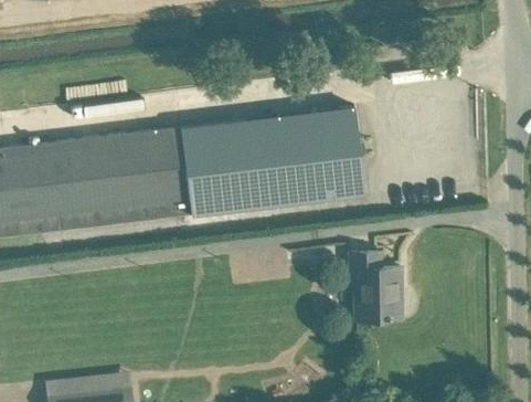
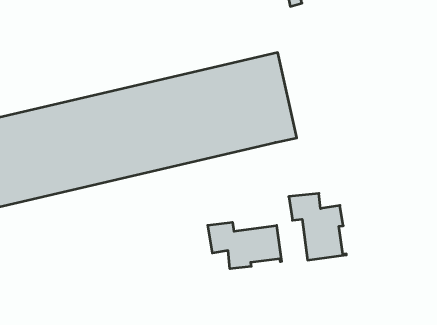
building: none -> [208,222,282,269]

